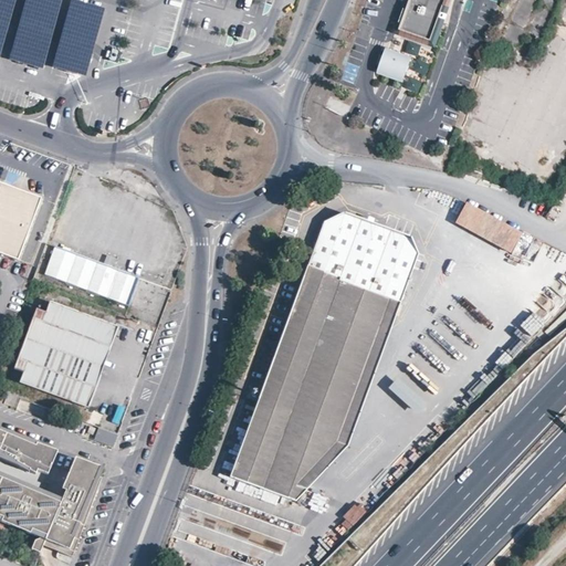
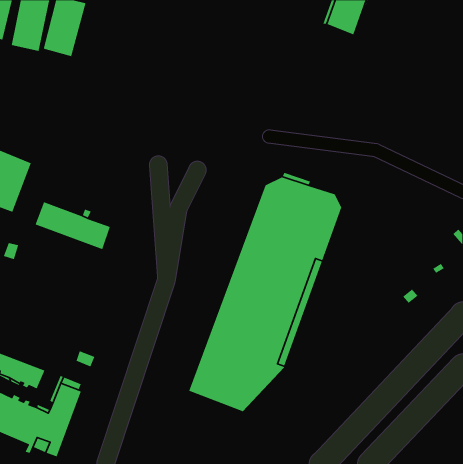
building: [376,48,408,80] -> none
building: [453,200,516,245] -> none
building: [12,301,115,407] -> none

